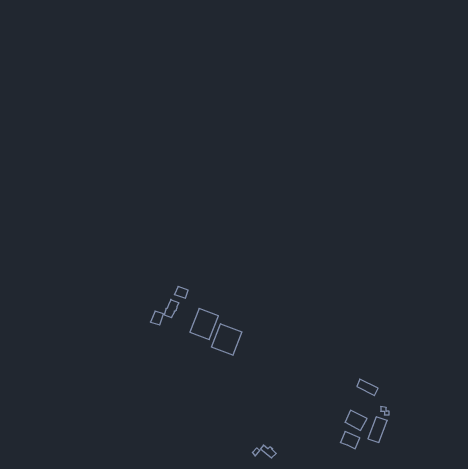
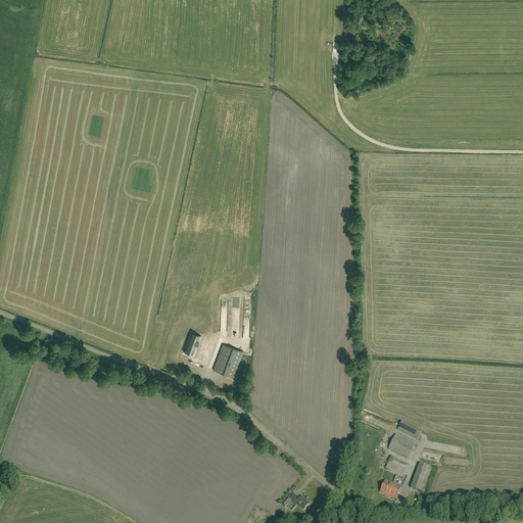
building: [212,324,242,355] -> none
building: none -> [387,434,415,459]

